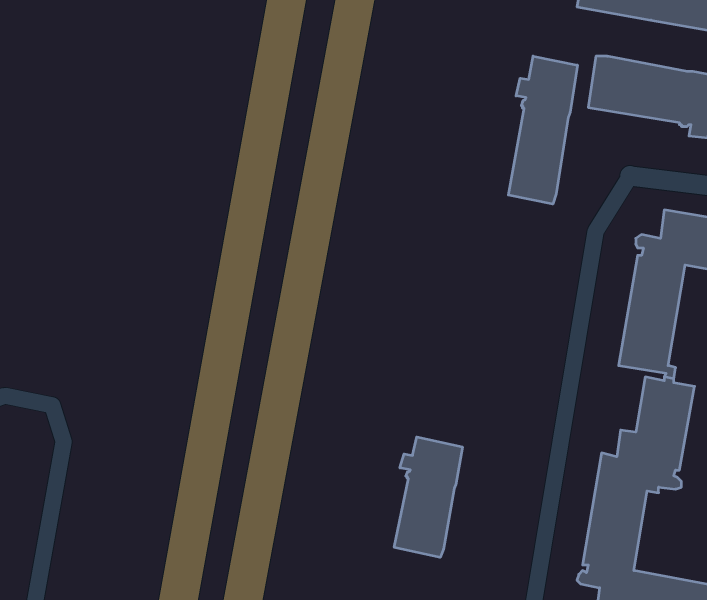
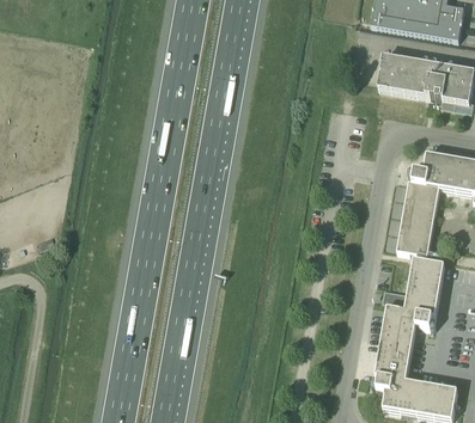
building: [508,56,577,204] -> none
building: [394,437,462,557] -> none

